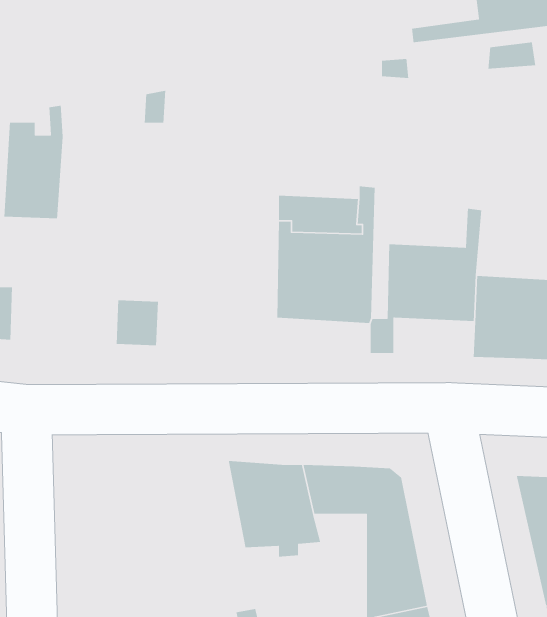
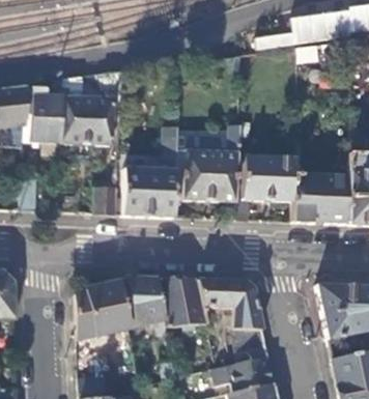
building: none -> [62,78,114,145]
building: none -> [124,135,178,216]
building: none -> [125,276,168,334]
building: none -> [76,281,131,344]

